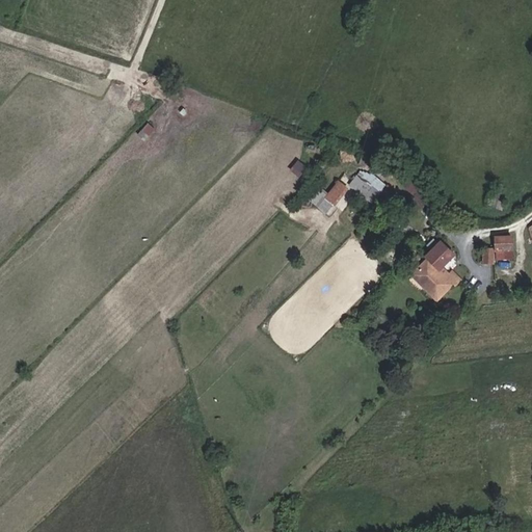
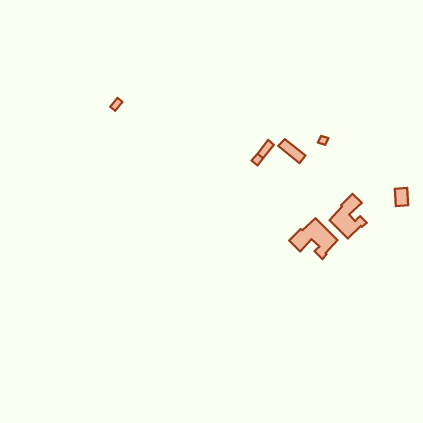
building: none -> [289,218,338,259]

